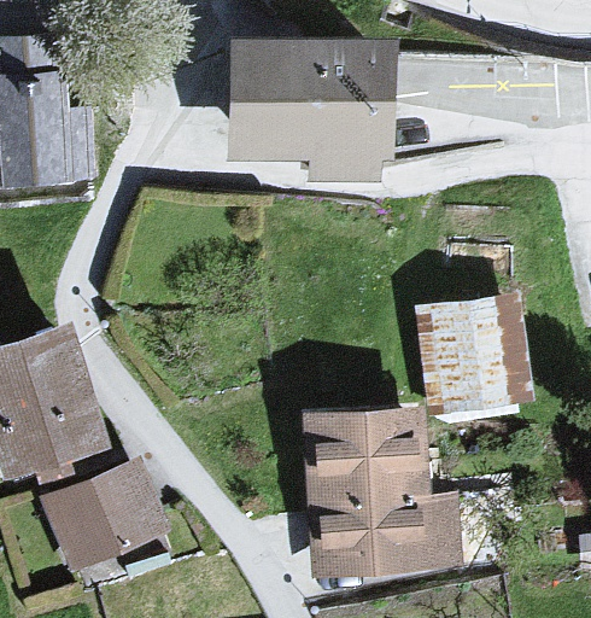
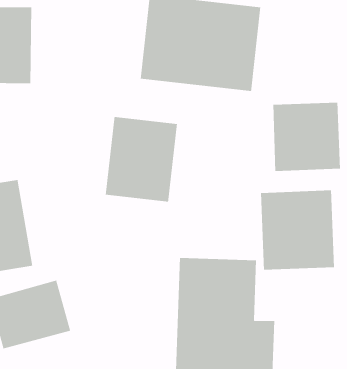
building: none -> [272,102,341,172]
building: none -> [105,116,178,203]

